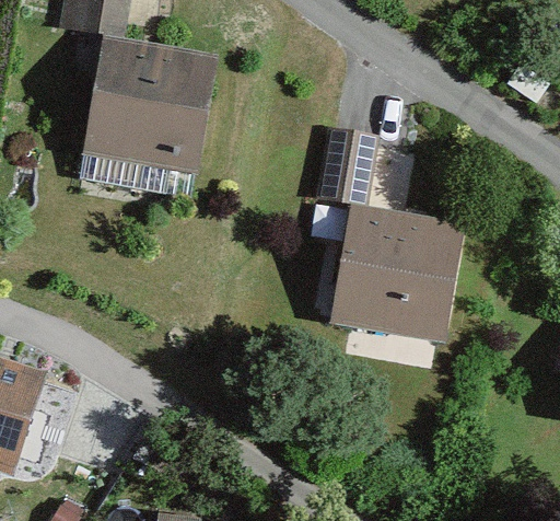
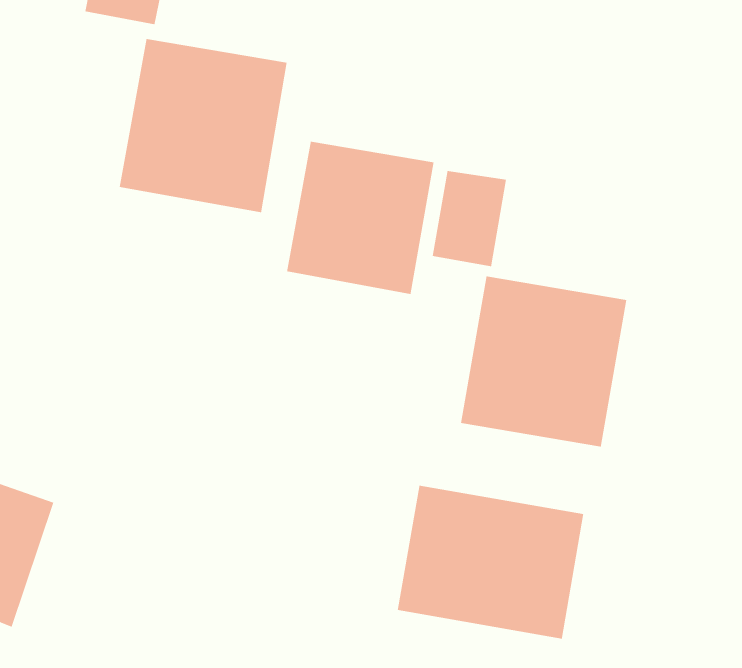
building: none -> [287,141,434,295]
building: none -> [397,485,584,639]

